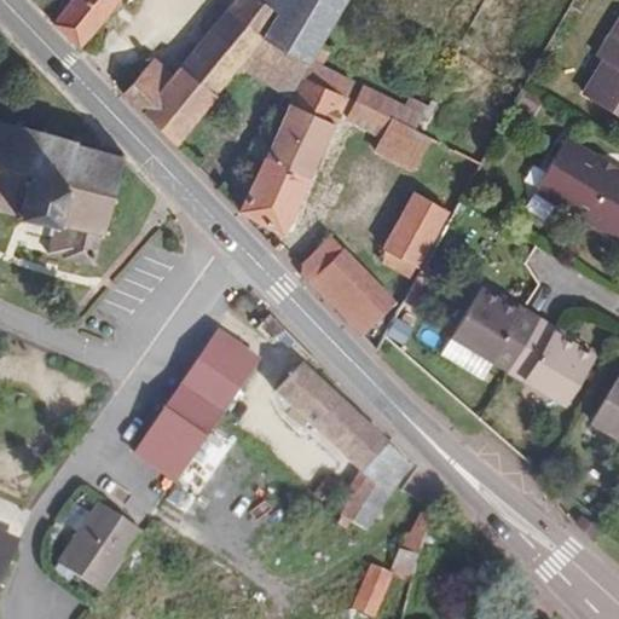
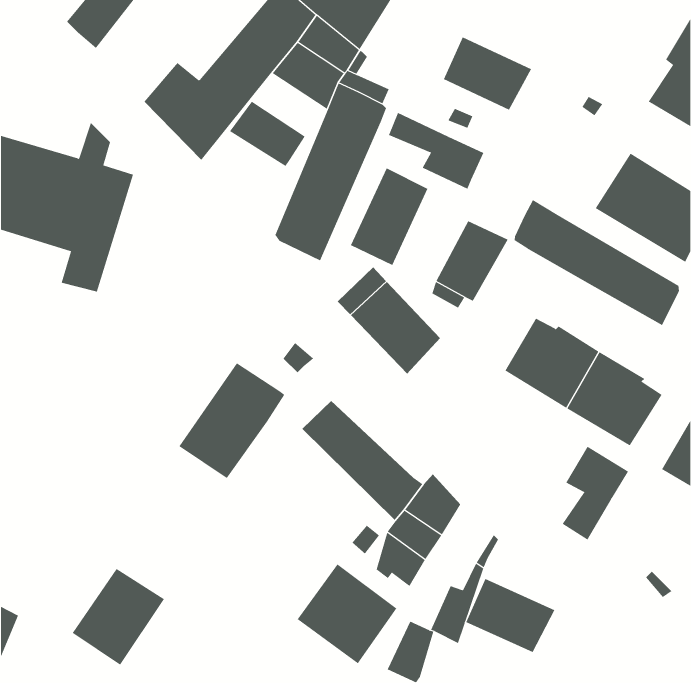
building: none -> [443,36,532,110]
building: none -> [229,101,306,167]
building: none -> [350,168,428,266]
building: none -> [514,199,679,326]
building: none -> [562,446,629,541]
building: [128,399,203,475] -> none
building: none -> [297,563,397,664]
building: none -> [466,578,555,653]

